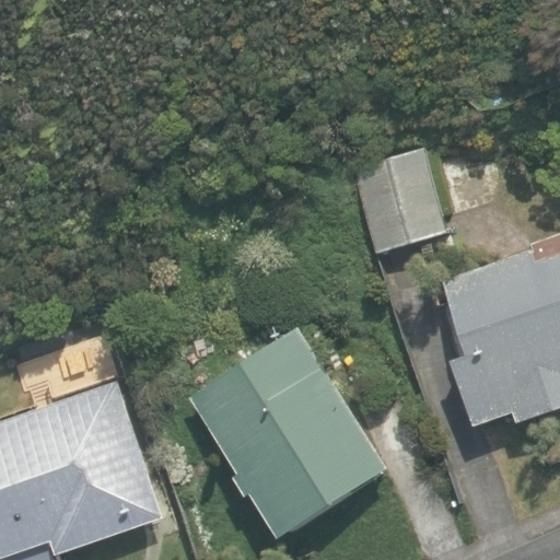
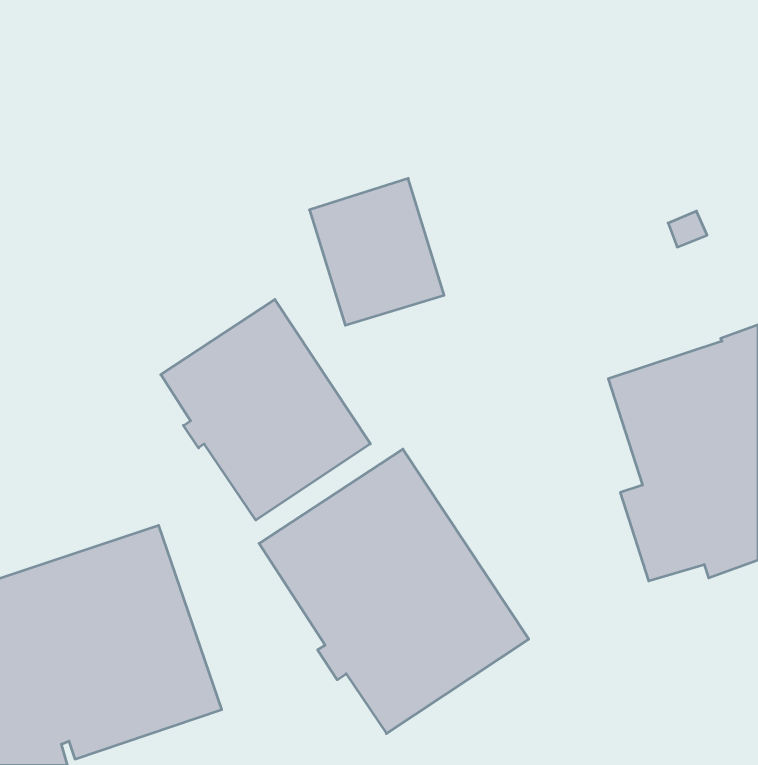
building: [350,148,448,255] -> [309,178,444,325]
building: none -> [161,299,370,520]

